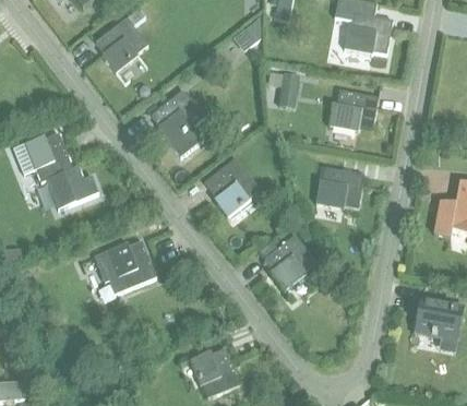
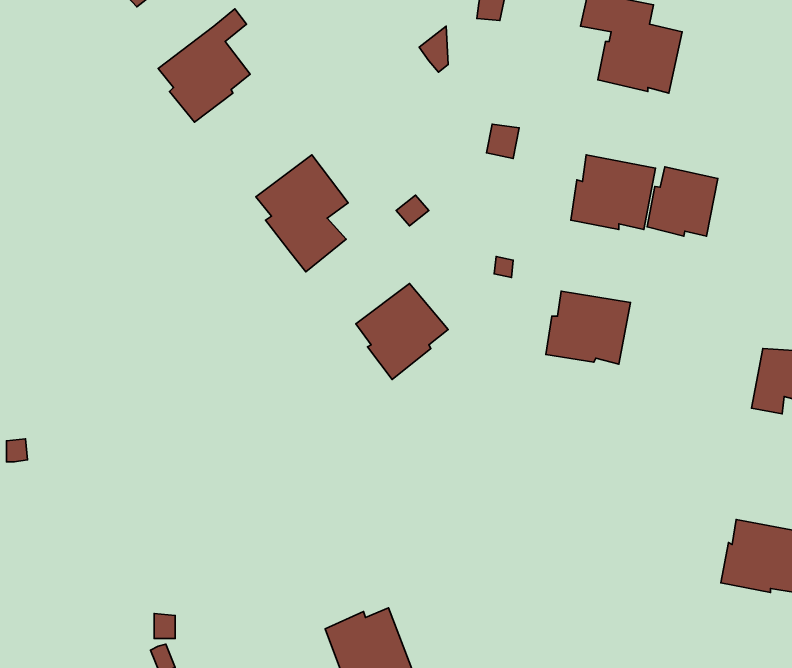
building: none -> [647,167,718,236]
building: [21,133,97,208] -> none
building: [256,234,314,288] -> none
building: [93,240,156,294] -> none

